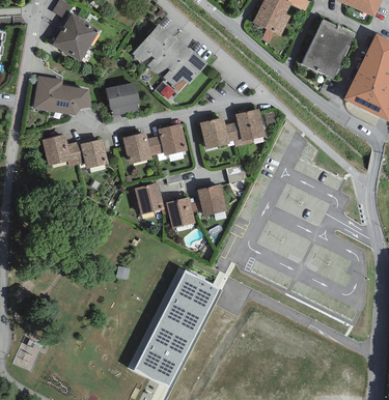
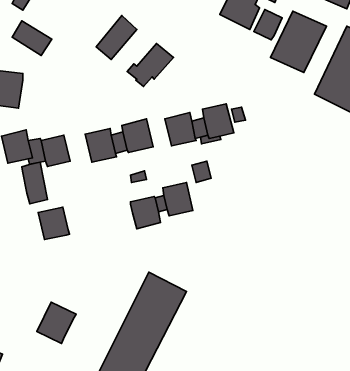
building: [61,12,100,46] -> none
building: none -> [254,9,282,40]
building: [147,35,191,78] -> none
building: [106,81,140,116] -> none
building: [58,85,91,114] -> none
building: none -> [22,162,47,204]
building: [134,182,164,213] -> [38,207,69,239]
building: none -> [37,302,76,343]

